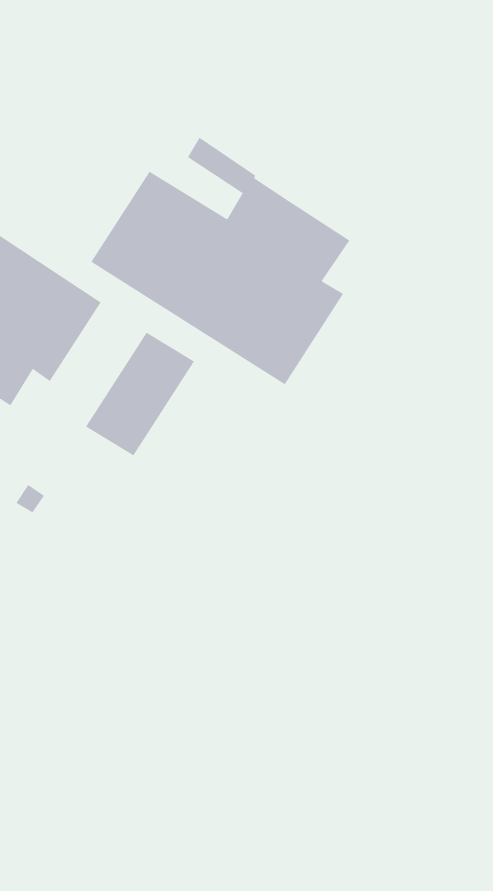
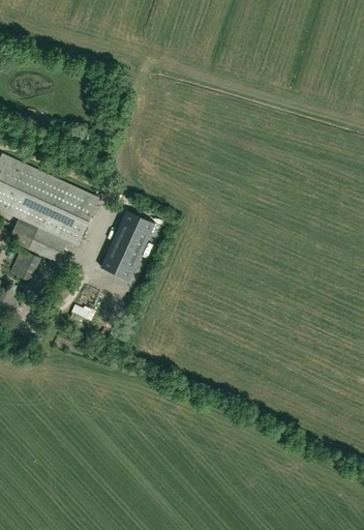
building: [90,137,350,385] -> none

